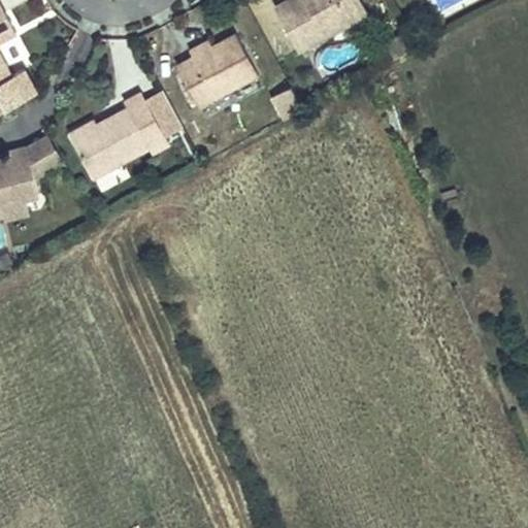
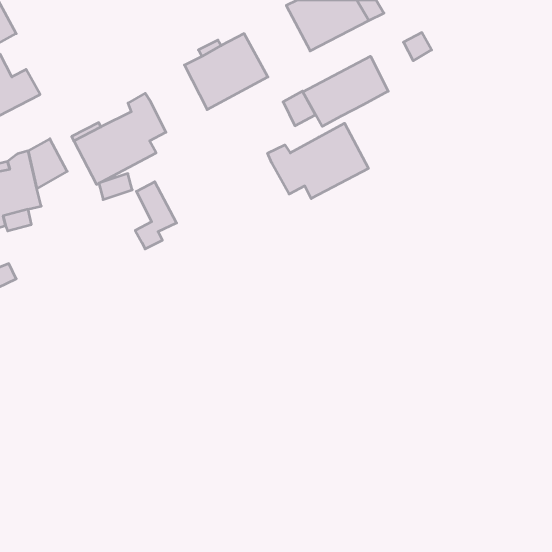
building: none -> [303,56,388,126]
building: [142,90,182,154] -> [135,182,177,249]
building: none -> [268,123,368,199]

